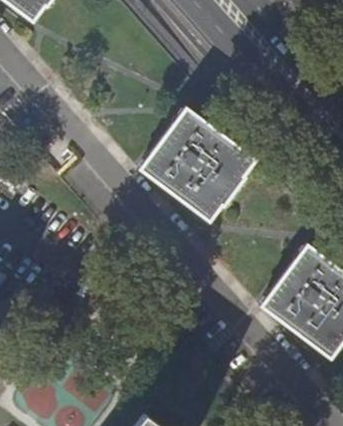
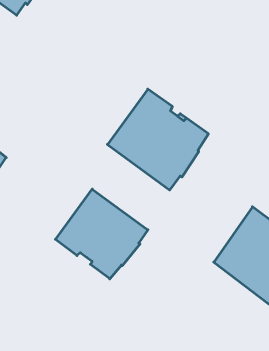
building: none -> [55,189,148,279]

